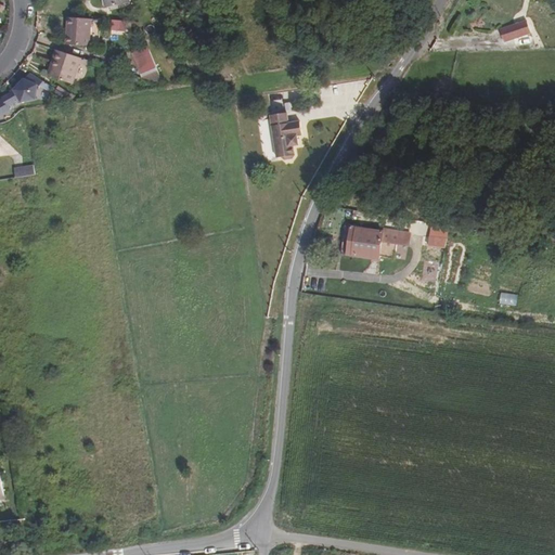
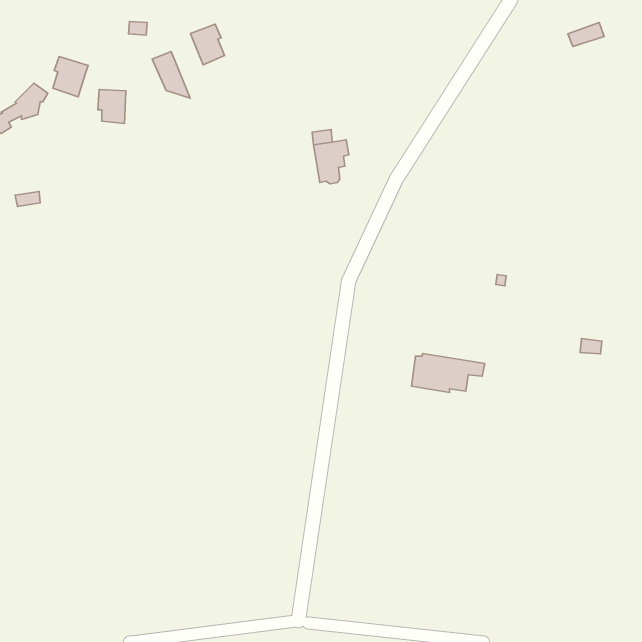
building: [66,16,90,46] -> [98,90,126,124]
building: none -> [191,24,224,65]
building: [347,225,410,259] -> [412,353,485,393]

